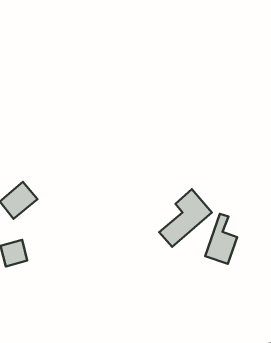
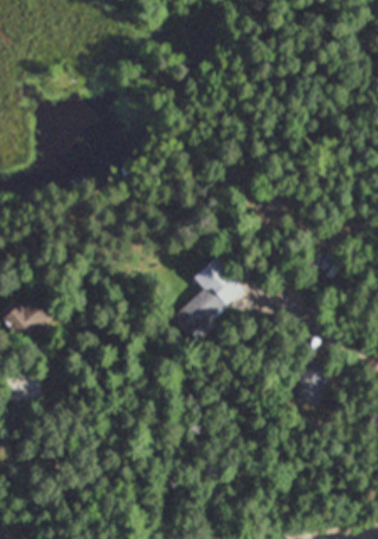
building: [159,189,212,247] -> [172,258,244,338]

